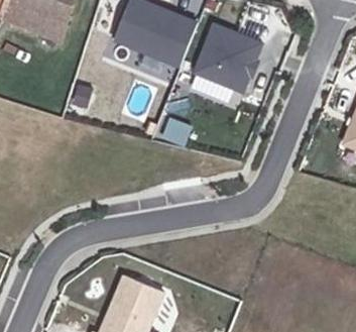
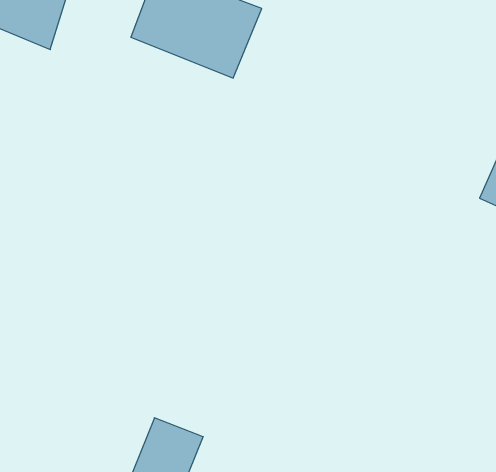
building: [193,22,261,91] -> none

